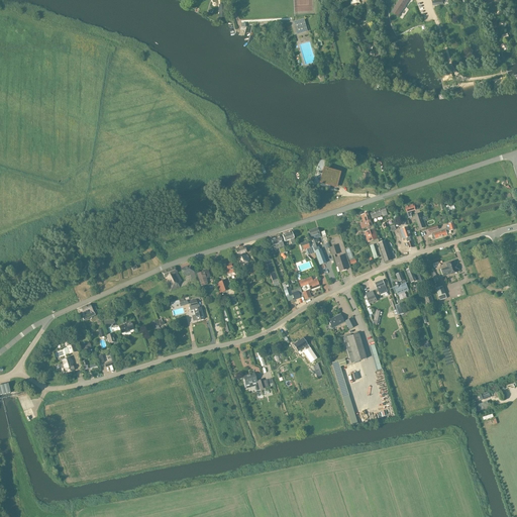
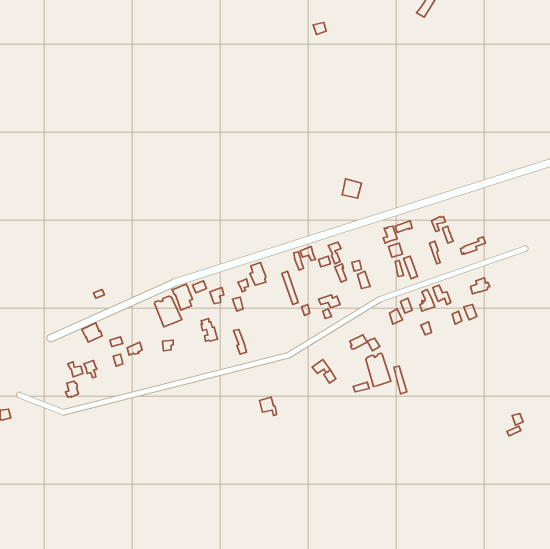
building: none -> [155,296,182,327]

